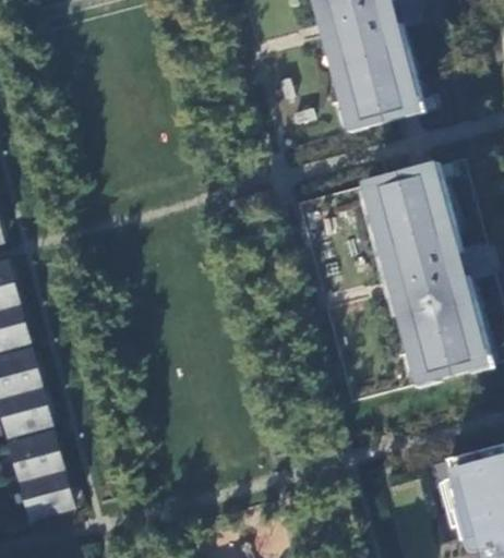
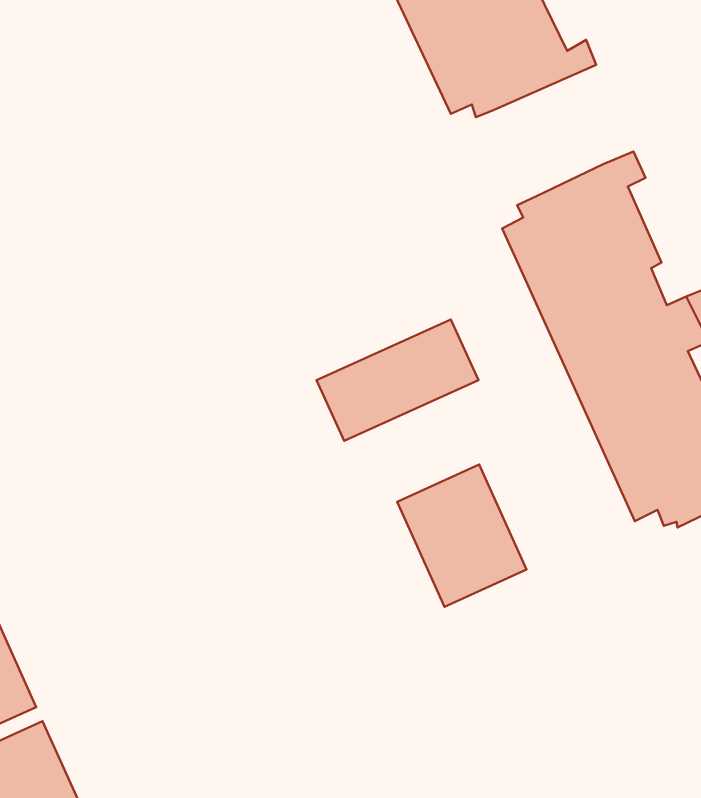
building: none -> [317,319,479,441]
building: none -> [397,465,527,607]

